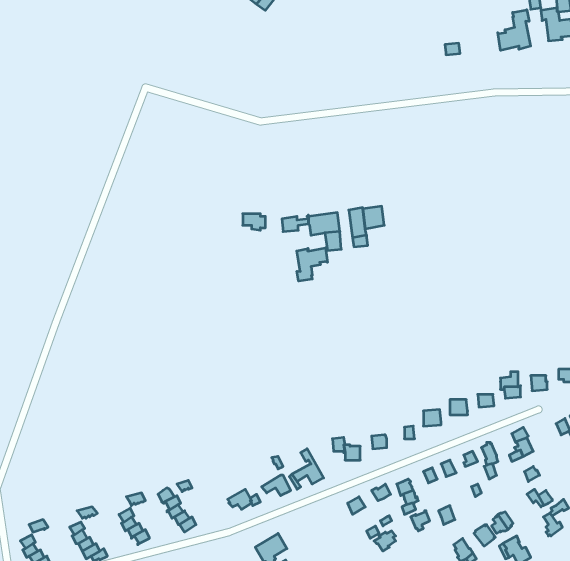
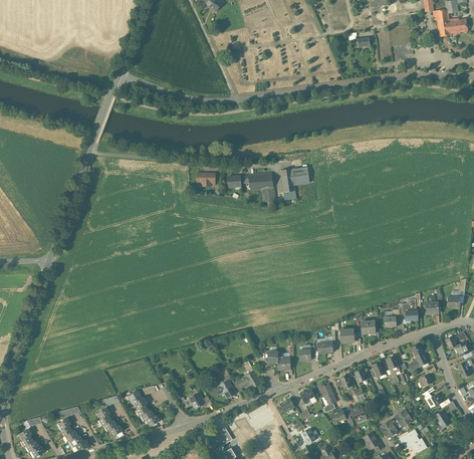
building: [498,10,531,50] -> none
building: [297,248,327,281] -> none

